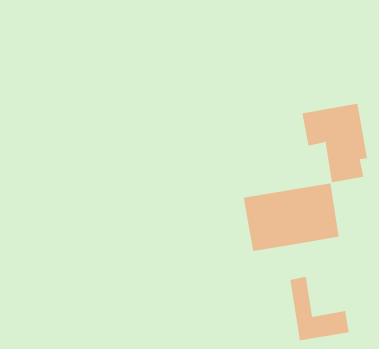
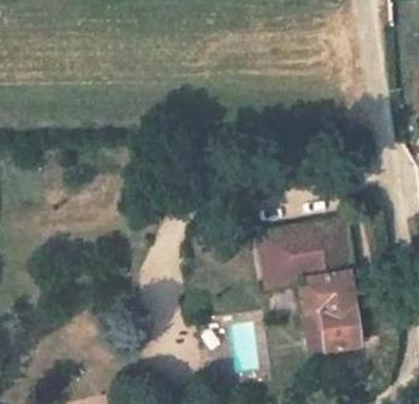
building: [302,103,368,183] -> [299,264,363,341]

